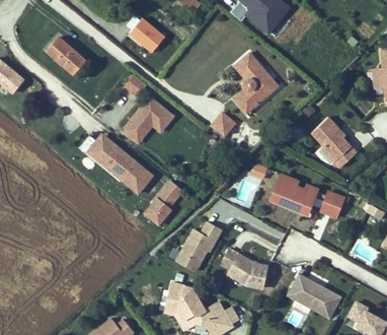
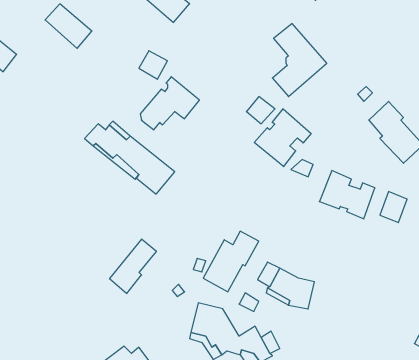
building: none -> [254,109,311,167]
building: [145,180,183,224] -> [110,239,156,293]
building: [287,273,341,318] -> none

